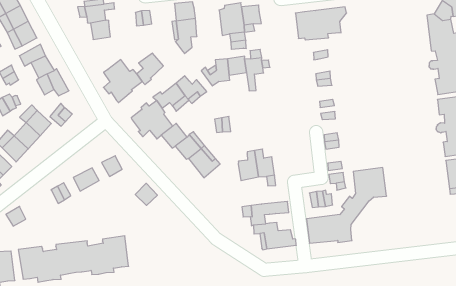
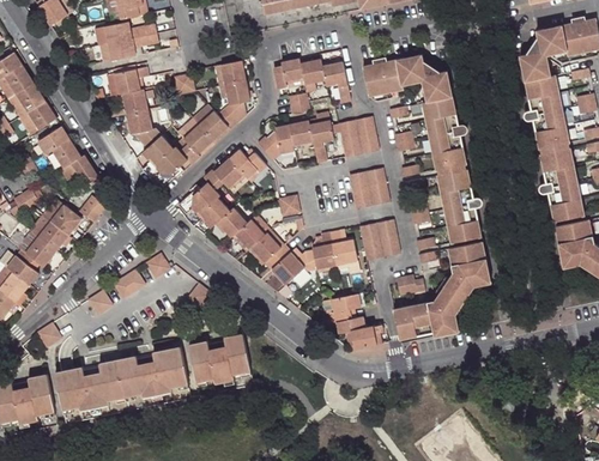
building: none -> [320,61,349,102]
building: none -> [420,71,466,169]
building: none -> [125,110,159,150]
building: none -> [196,110,232,140]
building: none -> [339,116,379,157]
building: none -> [349,169,388,207]
building: none -> [434,168,482,243]
building: none -> [359,220,399,259]
building: none -> [270,250,314,284]
building: none -> [449,274,491,330]
building: none -> [189,334,252,381]

